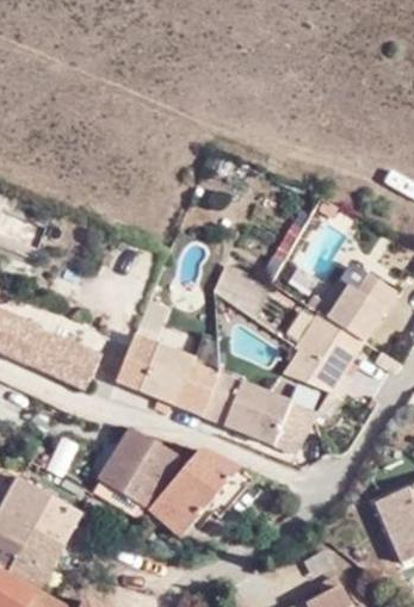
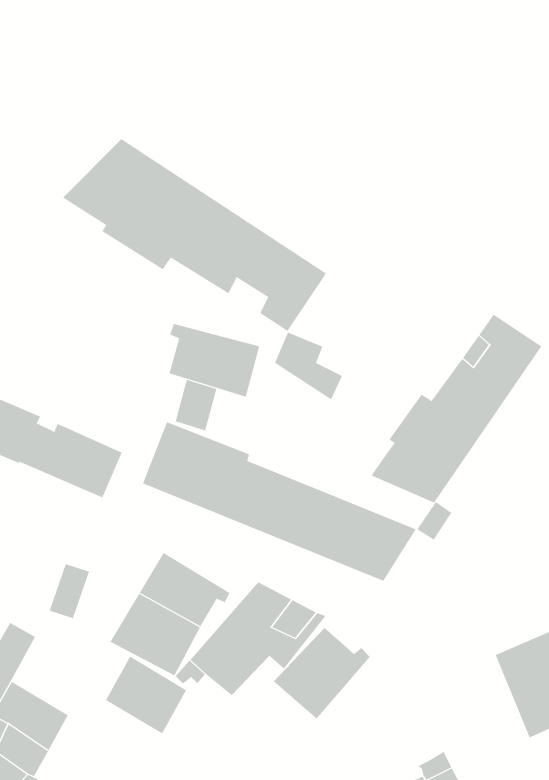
building: none -> [62,139,327,332]
building: none -> [169,323,260,397]
building: none -> [273,627,371,720]
building: [20,490,80,547] -> [105,656,187,734]

